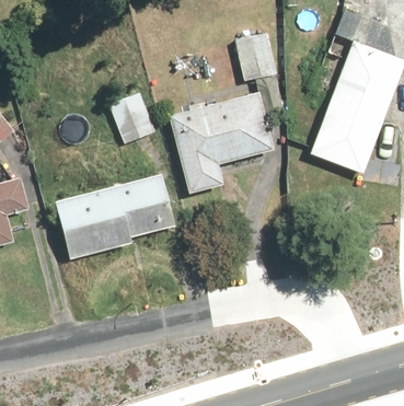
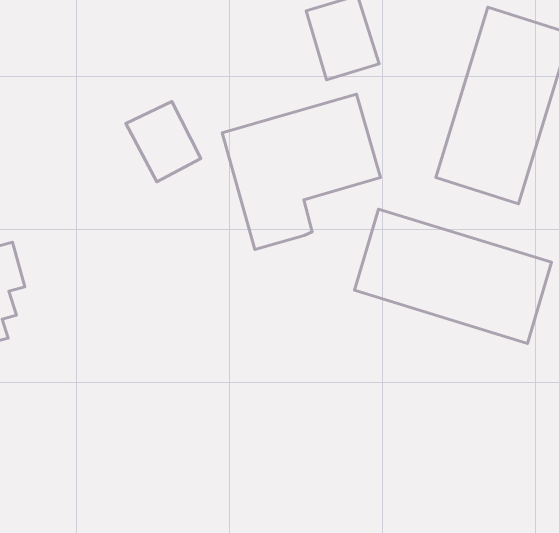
building: none -> [354,209,552,343]
building: [57,175,176,258] -> none

